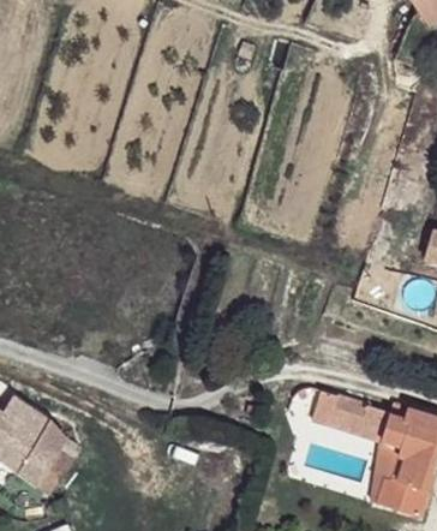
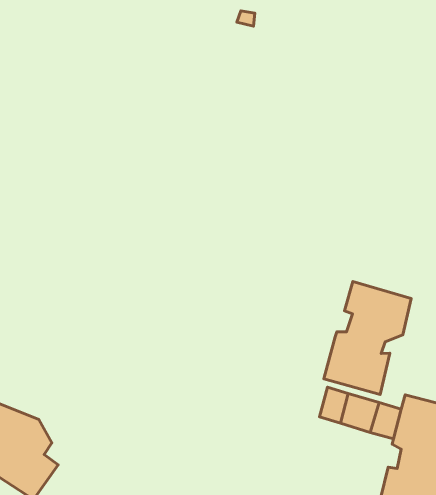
building: none -> [324,281,411,394]

